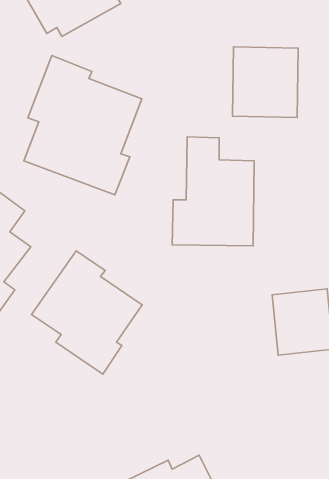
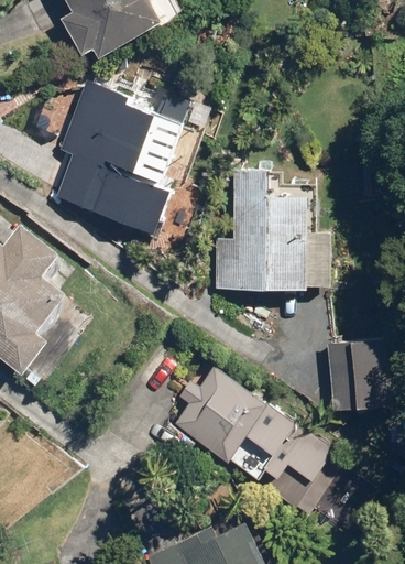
building: [232,47,298,118] -> none
building: [32,251,142,374] -> none
building: none -> [174,365,349,513]

